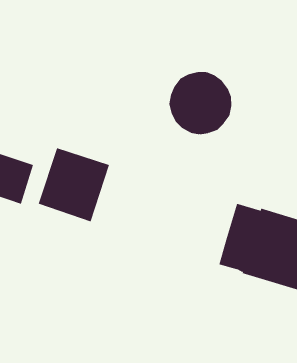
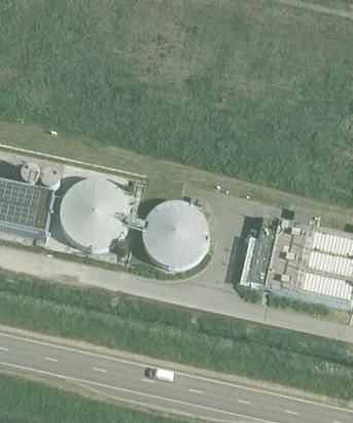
building: [168,72,232,135] -> [141,202,206,267]

